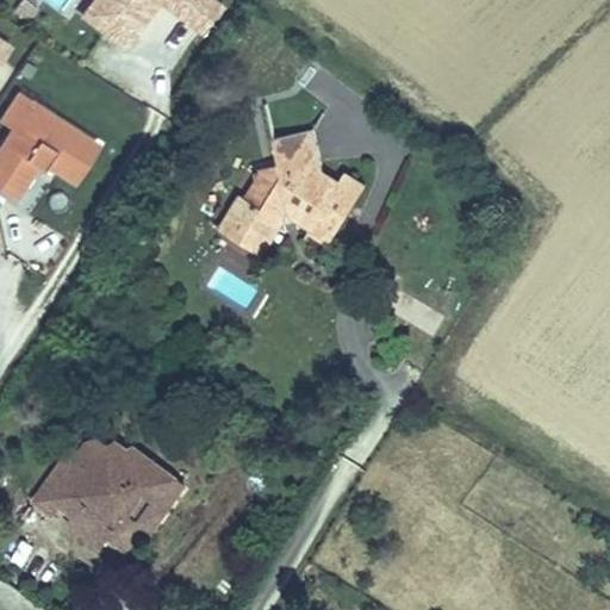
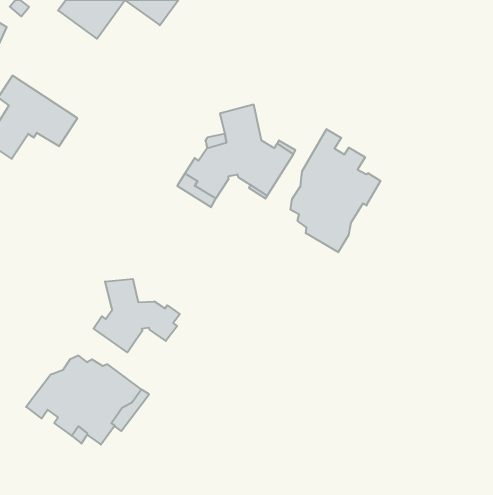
building: none -> [291,129,380,252]
building: none -> [94,279,180,352]

